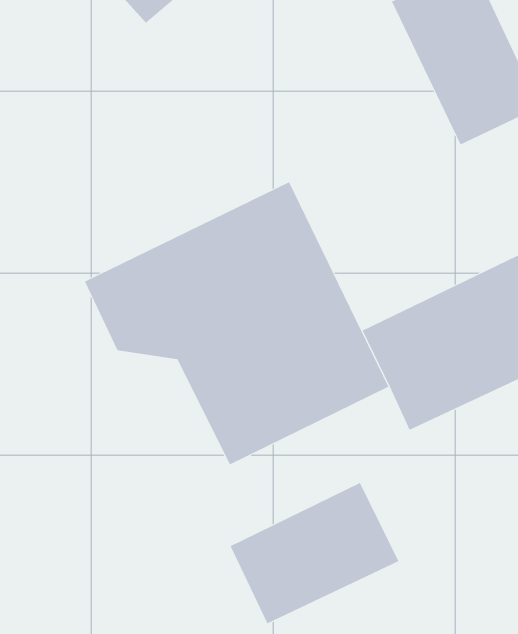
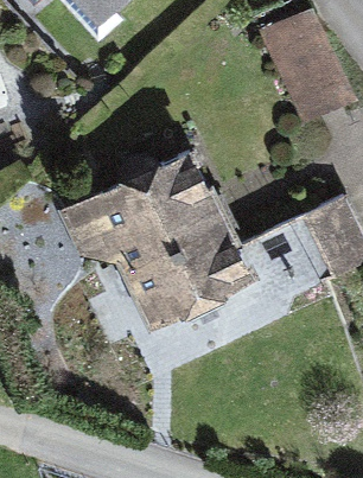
building: [230,482,399,624] -> none

